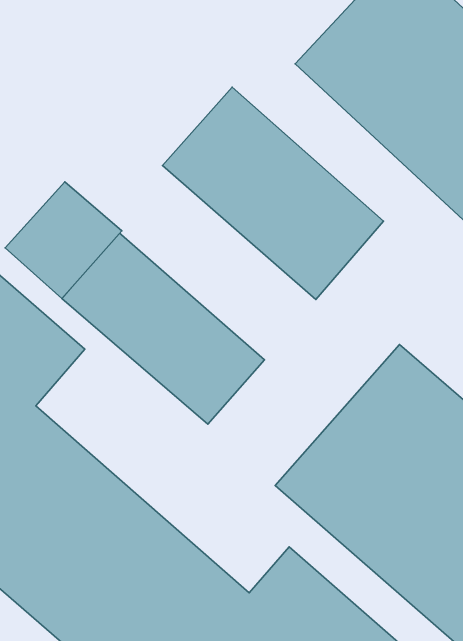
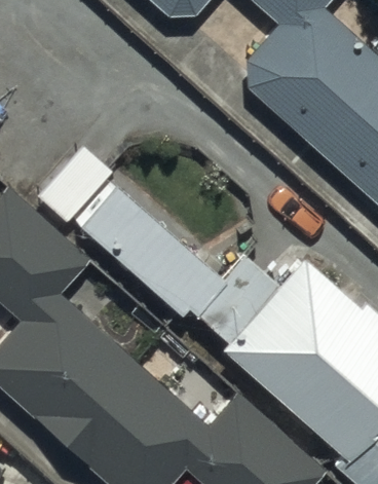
building: [163,87,384,299] -> none

